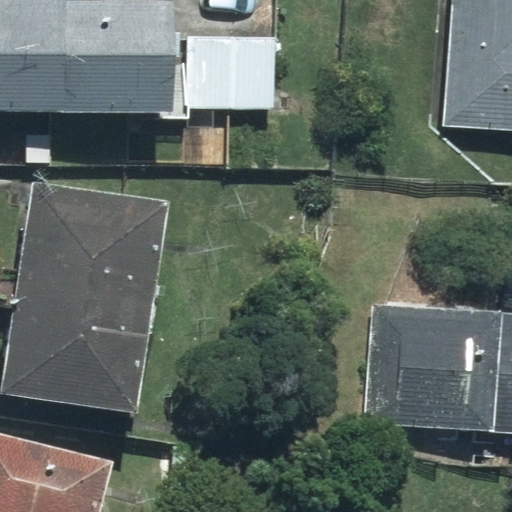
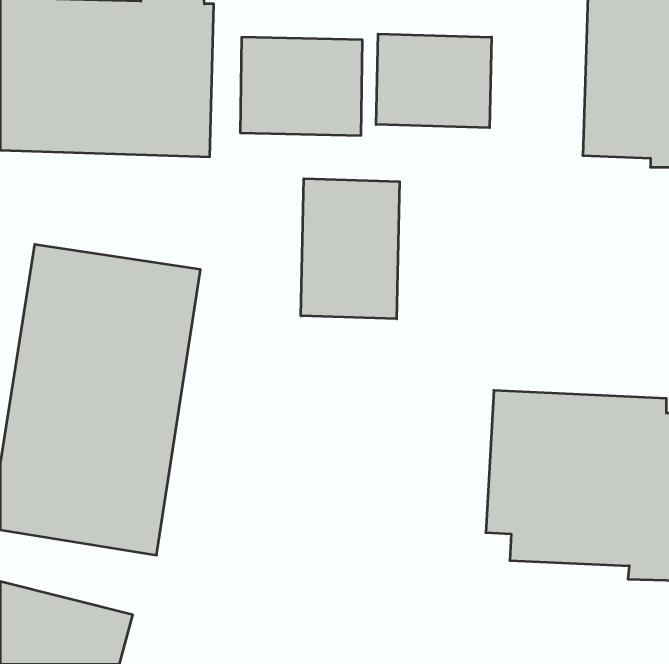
building: none -> [376,34,492,128]
building: none -> [301,179,400,319]

